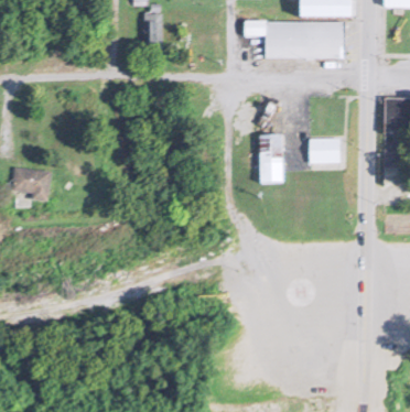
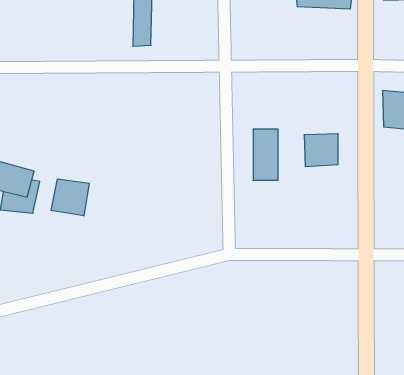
building: [246,18,347,57] -> none
building: none -> [51,179,89,216]

